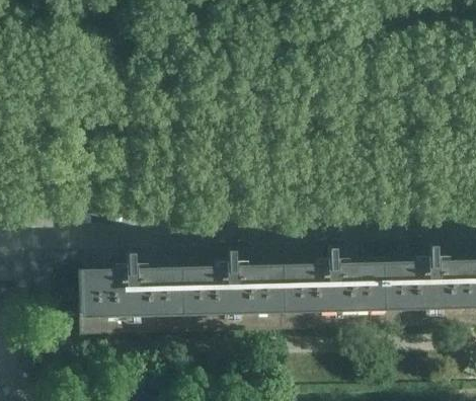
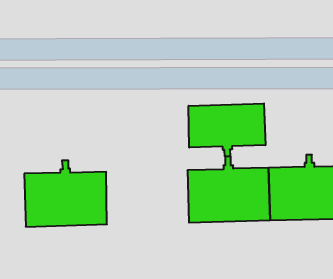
building: none -> [189,103,265,156]
building: [181,238,284,319] -> none

